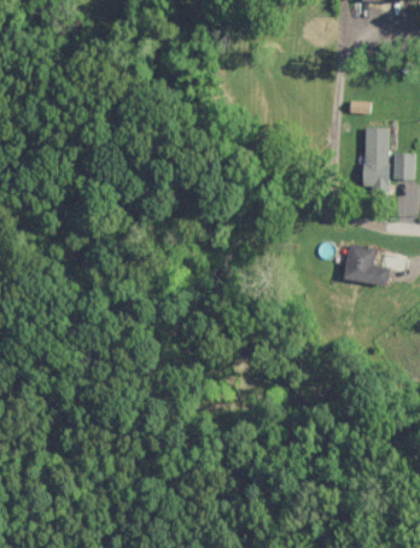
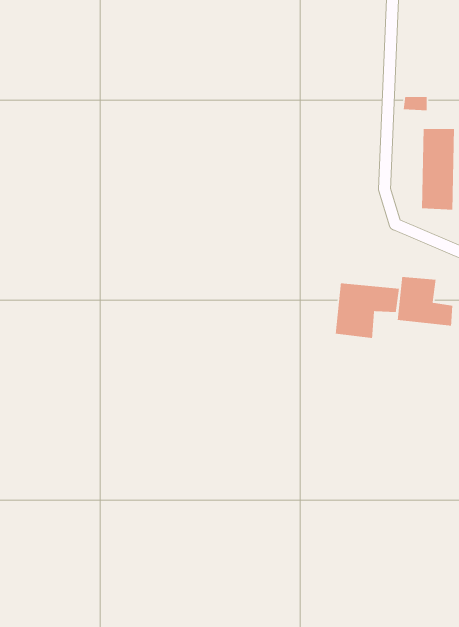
building: none -> [335,282,400,339]

